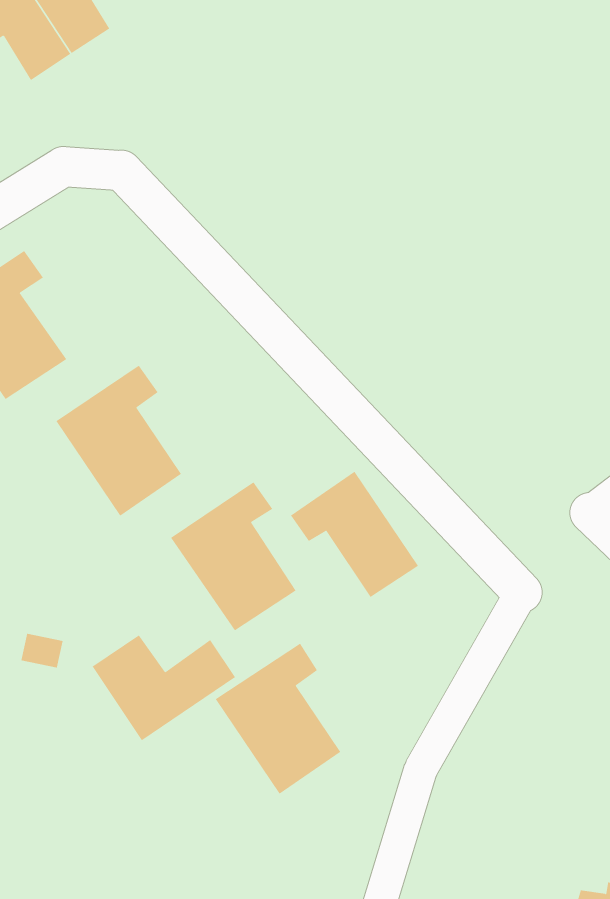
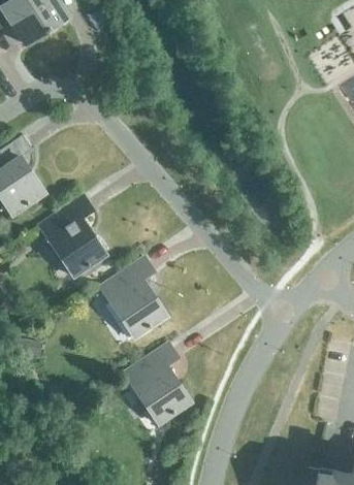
building: [290,471,419,598] -> none
building: [92,634,236,741] -> none

